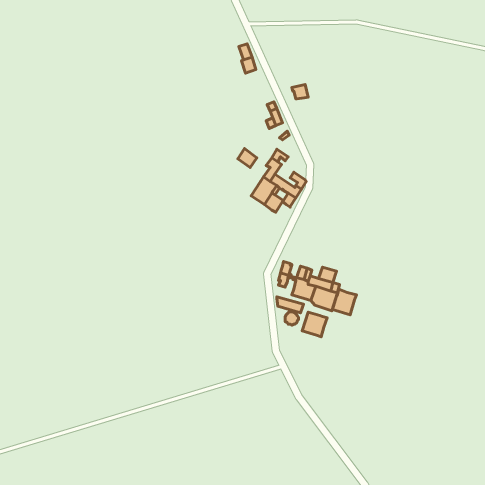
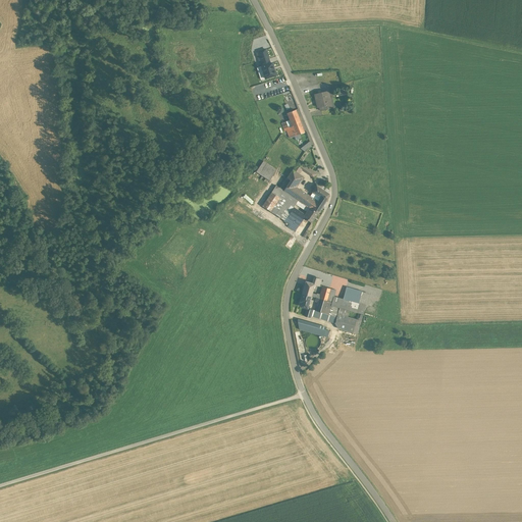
building: [333,289,356,315] -> none
building: [302,312,327,337] -> none

